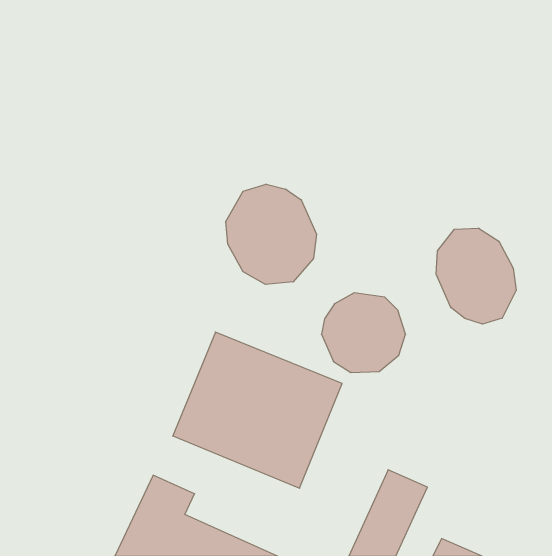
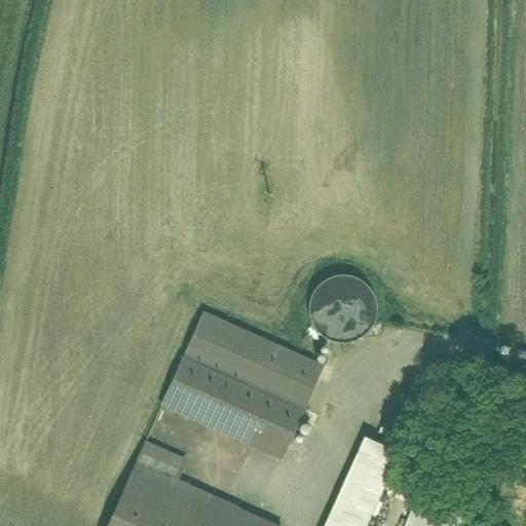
building: [226,184,316,284] -> none
building: [436,228,516,324] -> none

